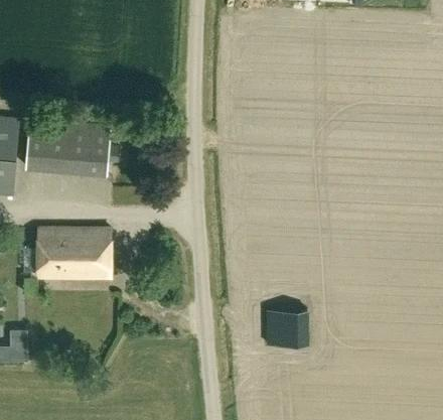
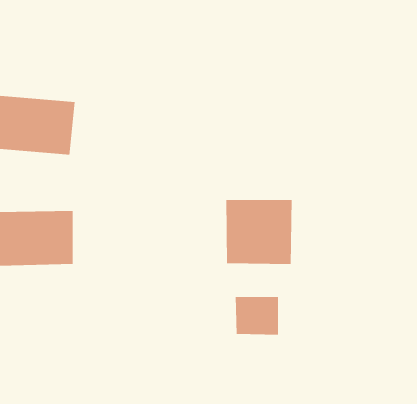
building: none -> [226,199,292,265]

